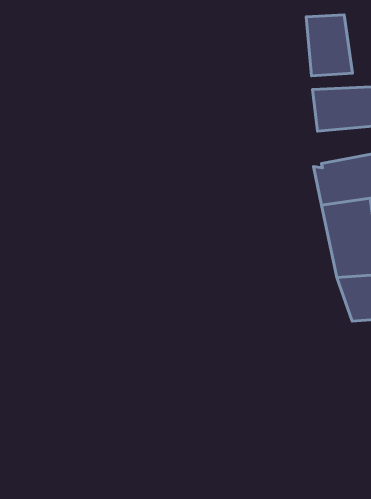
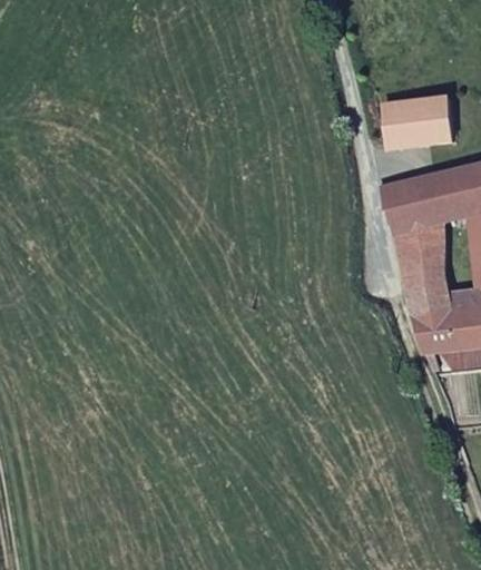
building: [306,15,352,76] -> none

